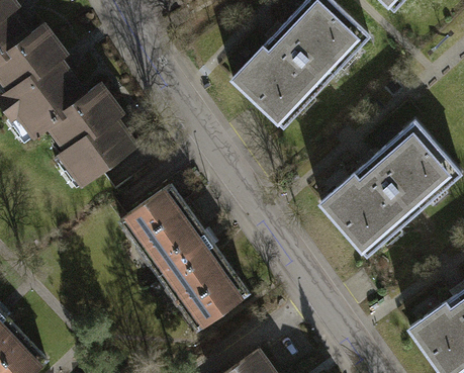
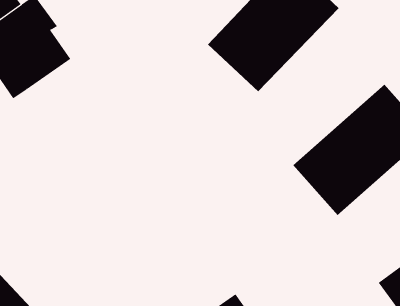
building: [38,82,140,192] -> none
building: [120,184,247,329] -> none

